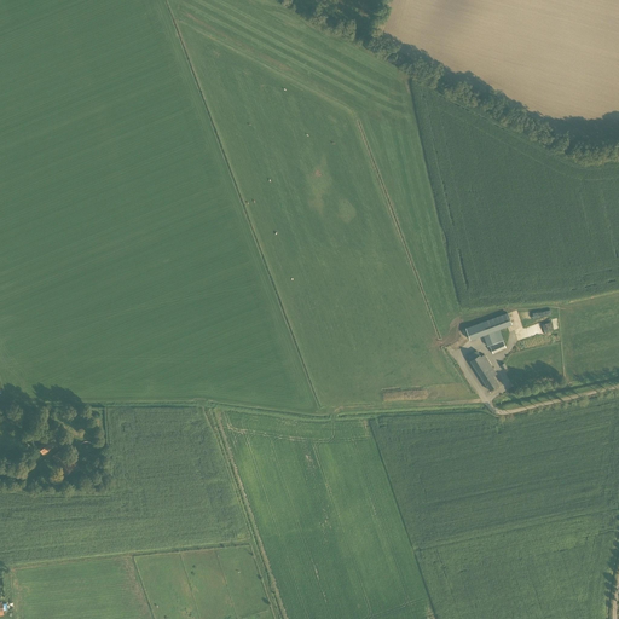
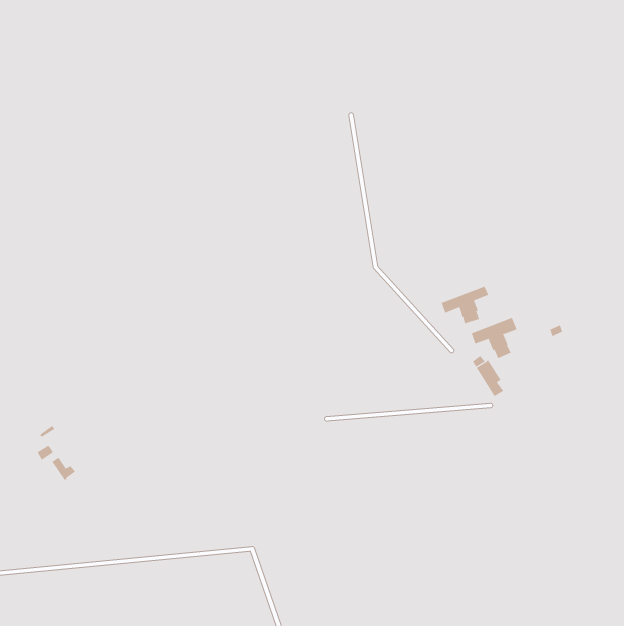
building: none -> [441,286,489,324]

